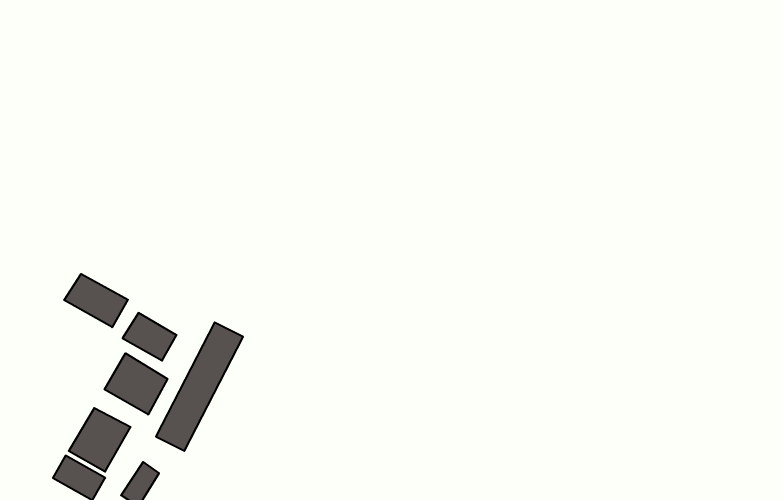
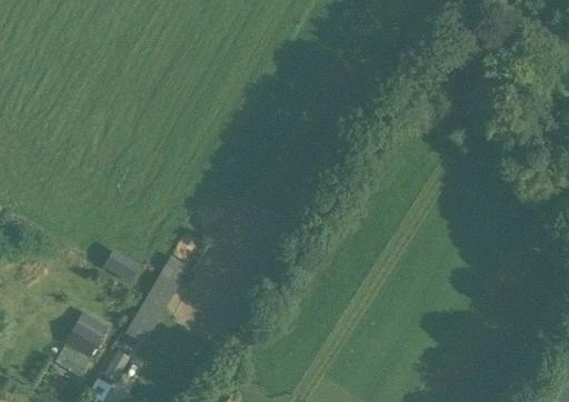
building: [64,274,128,327] -> none
building: [105,353,167,415] -> none

